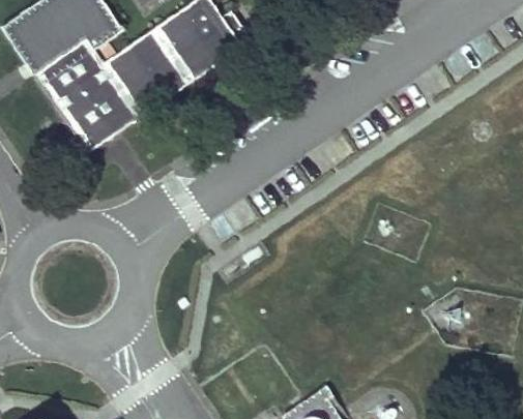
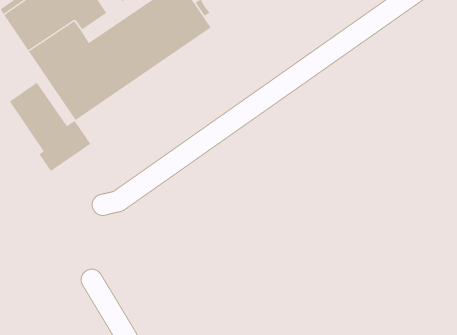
building: none -> [9,82,91,172]

